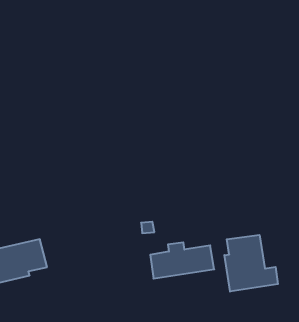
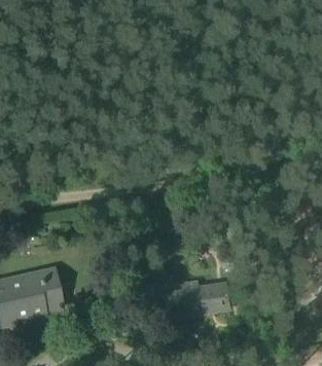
building: [224,235,278,292] -> none

